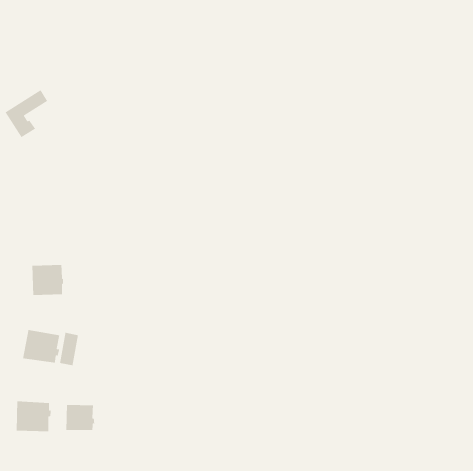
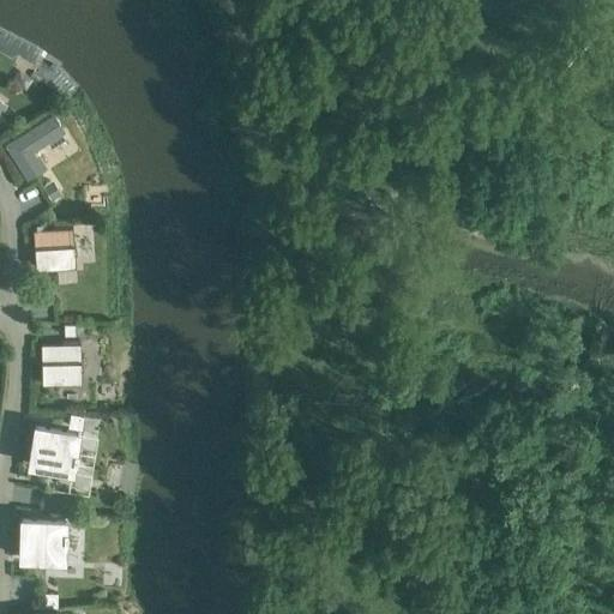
building: none -> [32,229,77,271]
building: [65,404,95,431] -> none

